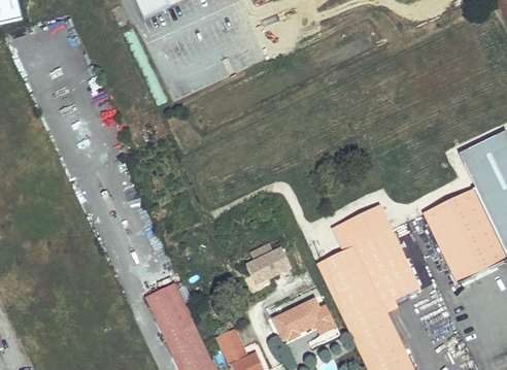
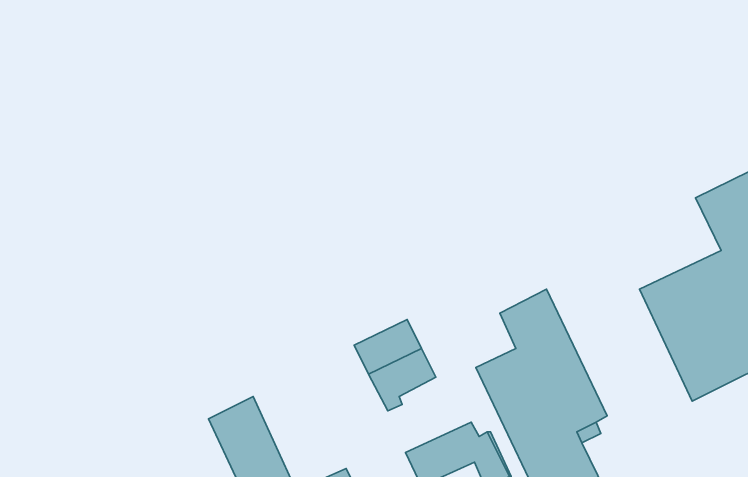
building: [363,204,418,294] -> none

